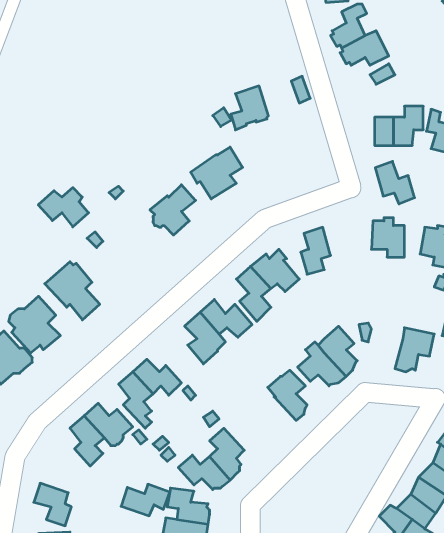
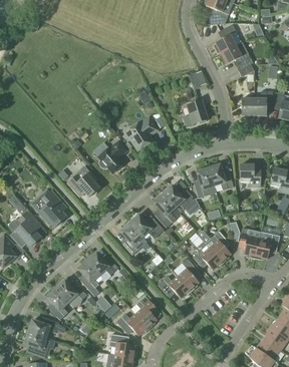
building: [231,86,268,130] -> [184,99,208,127]
building: [375,161,415,204] -> [209,163,234,191]
building: [38,188,89,227] -> [67,171,99,197]
building: none -> [240,228,260,258]
building: none -> [158,276,192,298]
building: [121,484,170,516] -> [28,317,59,337]

